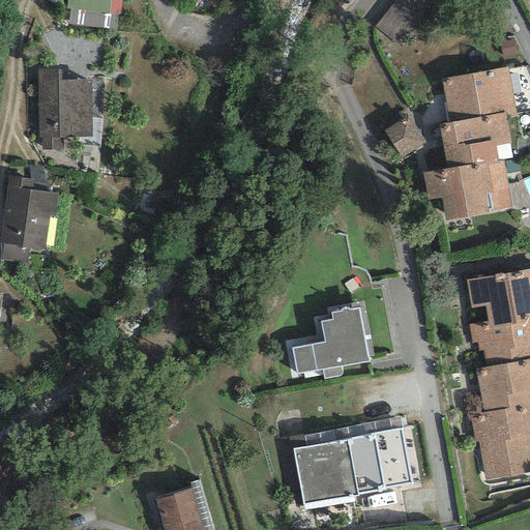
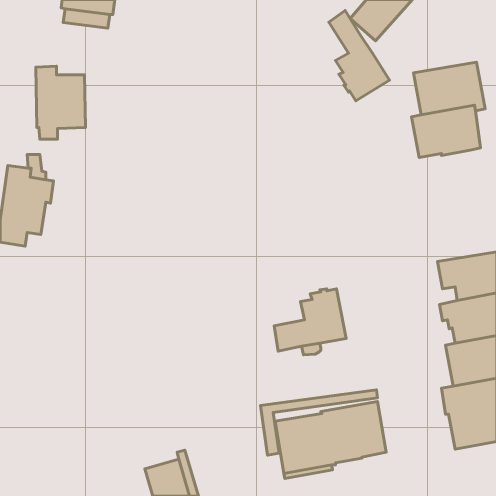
building: none -> [329,11,390,101]
building: [385,115,424,156] -> none
building: [422,159,512,219] -> none

